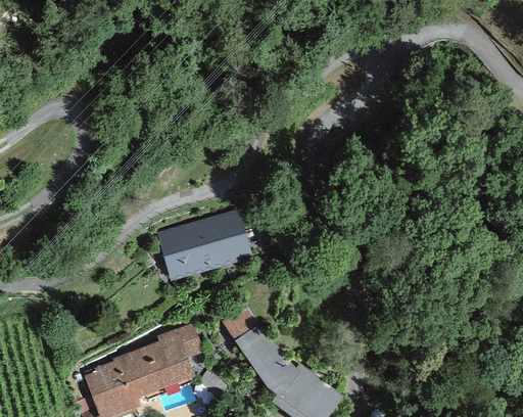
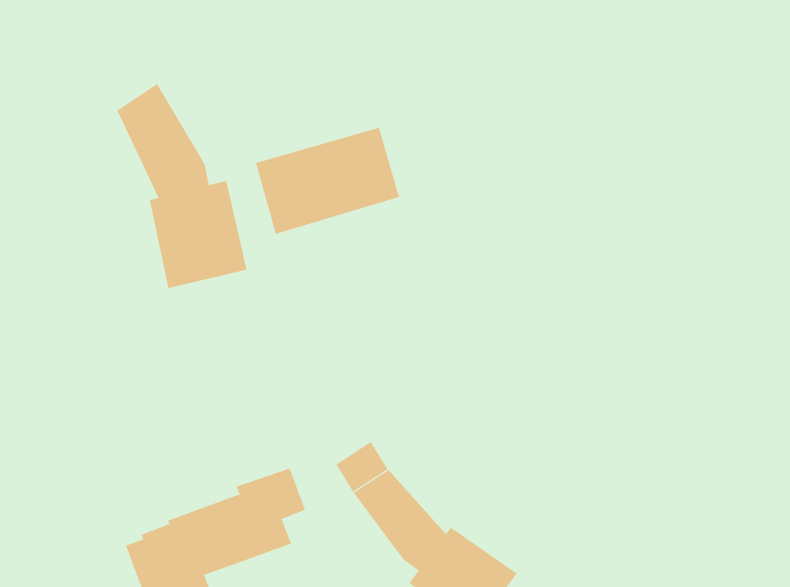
building: none -> [117,83,247,289]
building: [157,211,252,281] -> [255,127,400,234]

